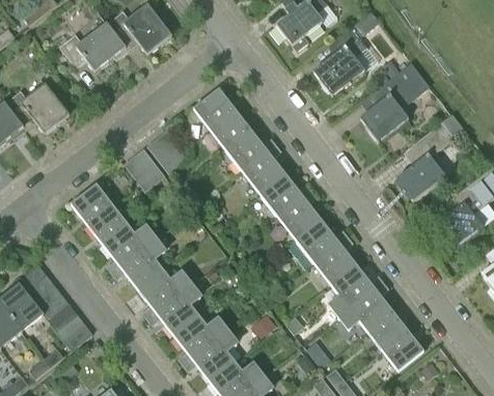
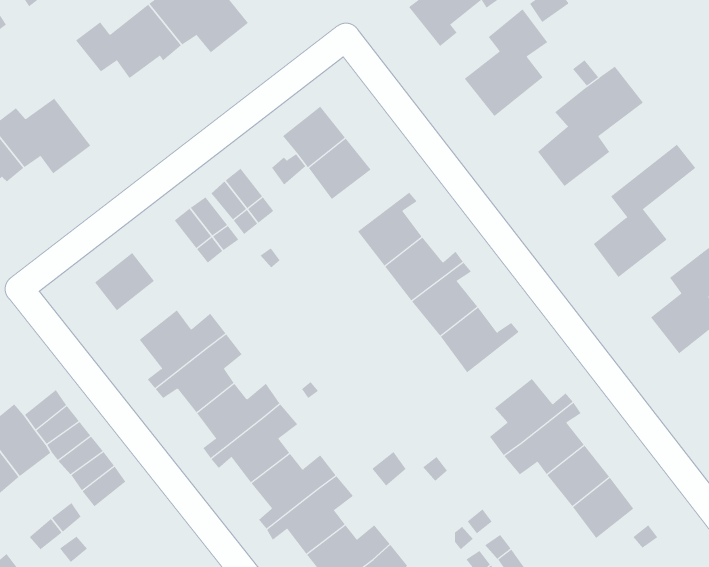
building: [225,130,276,170] -> none
building: [85,202,125,241] -> none
building: [313,235,356,285] -> none

